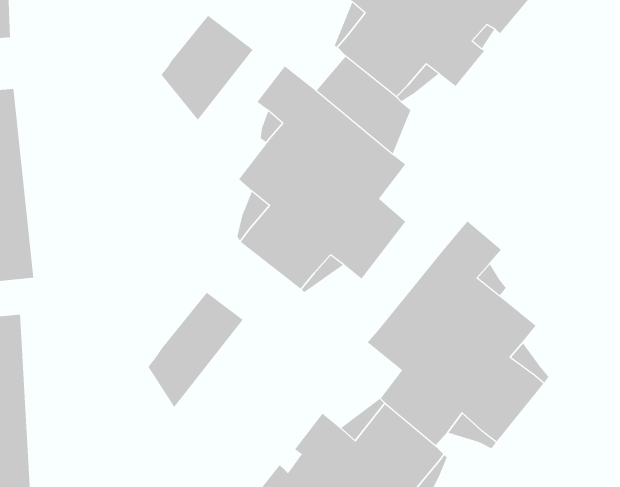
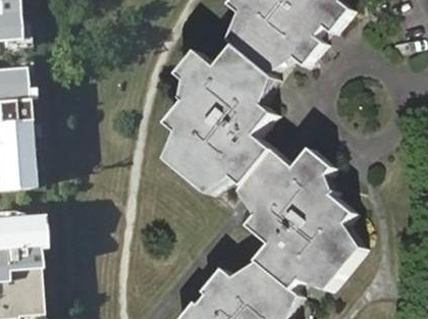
building: [161,15,254,120] -> none
building: none -> [237,150,291,216]
building: [148,292,243,408] -> none

